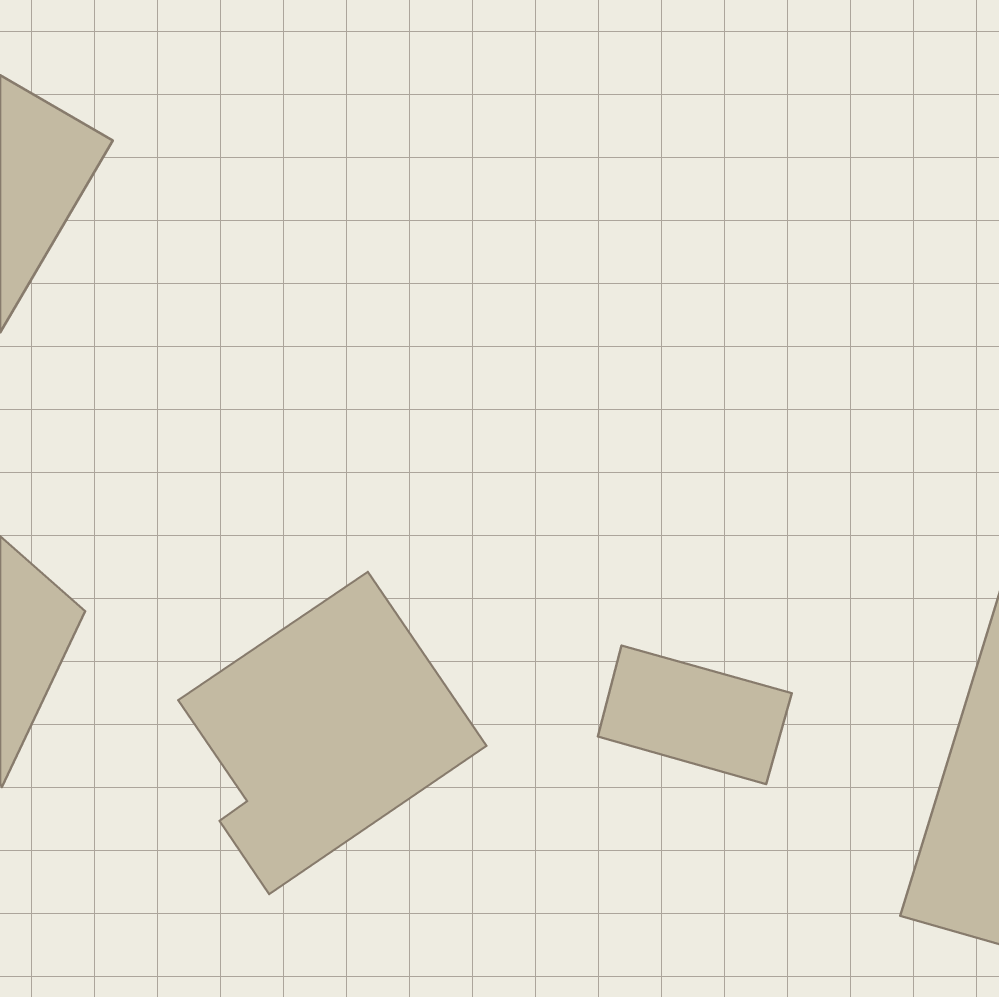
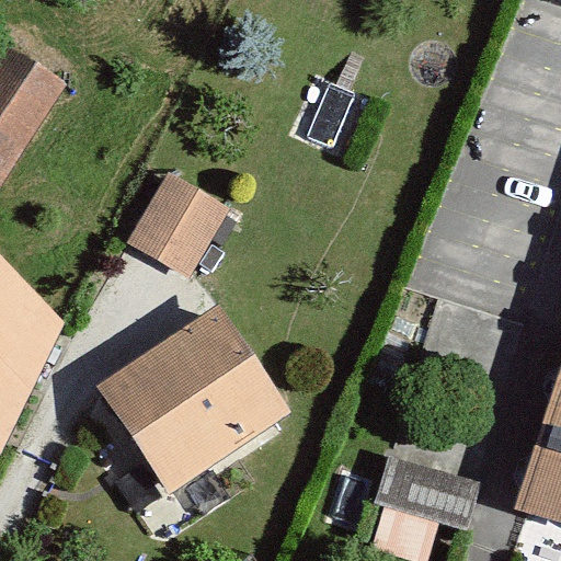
building: none -> [127,169,230,275]
building: [598,646,792,784] -> [370,457,478,534]

